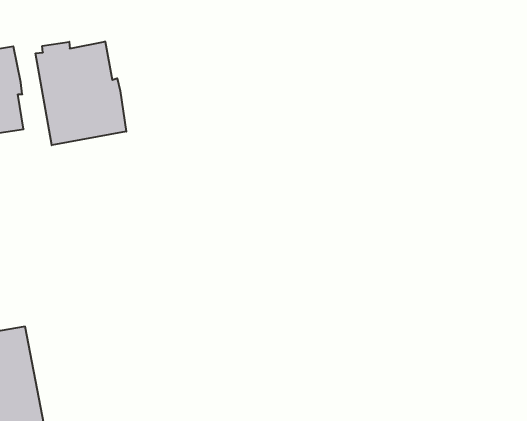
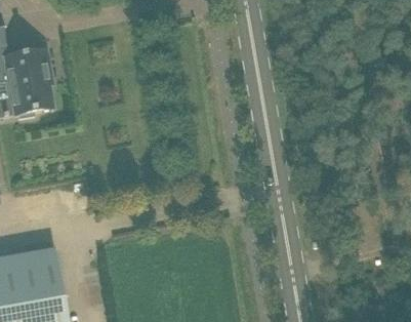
building: [36,41,126,145] -> none

